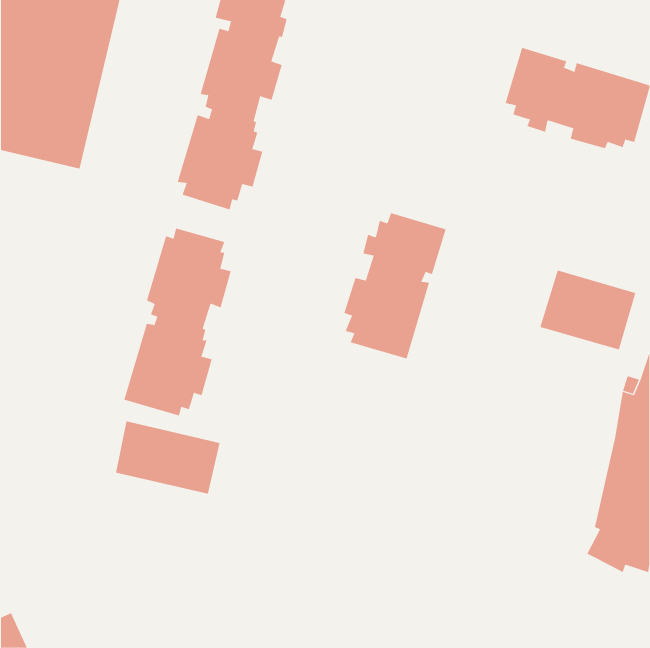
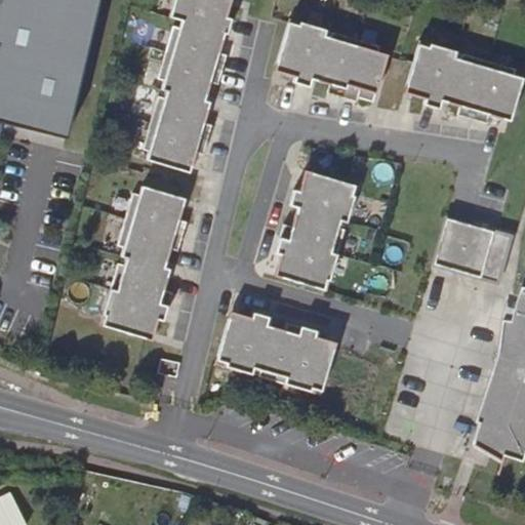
building: none -> [277,16,388,99]
building: none -> [216,311,335,394]
building: [115,420,220,495] -> none

